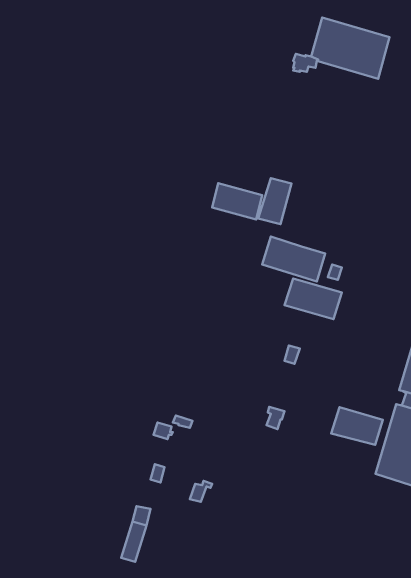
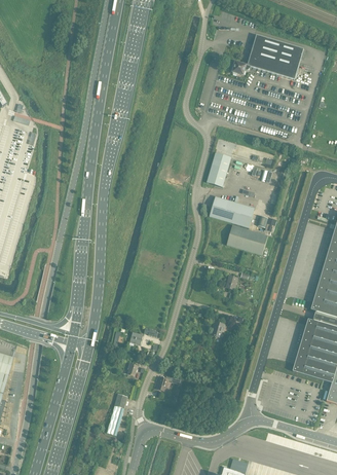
building: [212,183,262,219] -> none
building: [331,407,383,445] -> none

